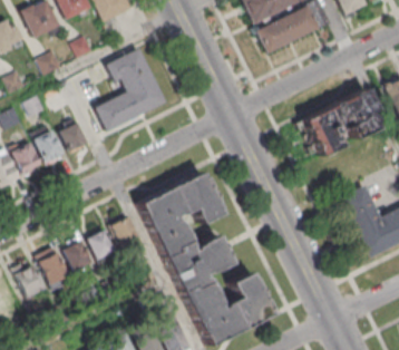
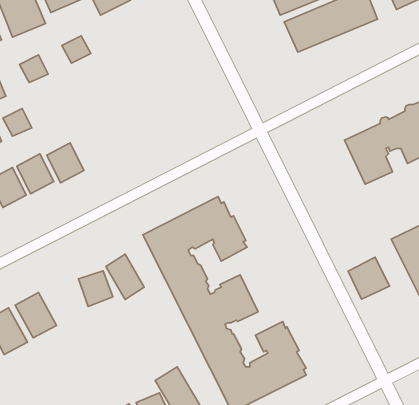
building: [100,55,169,137] -> none
building: none -> [348,257,389,299]
building: [60,236,93,271] -> none

